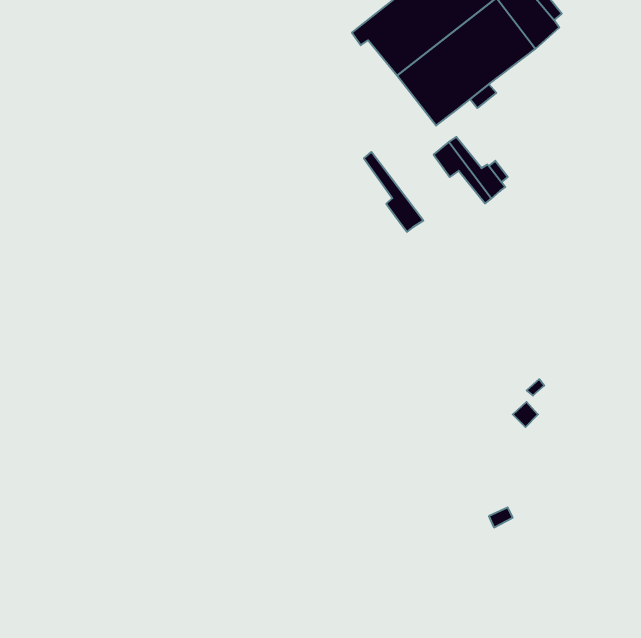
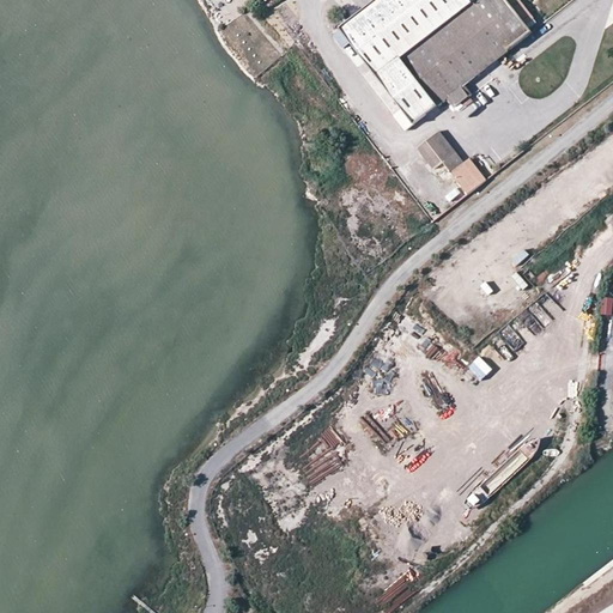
building: [364,152,423,232] -> none

